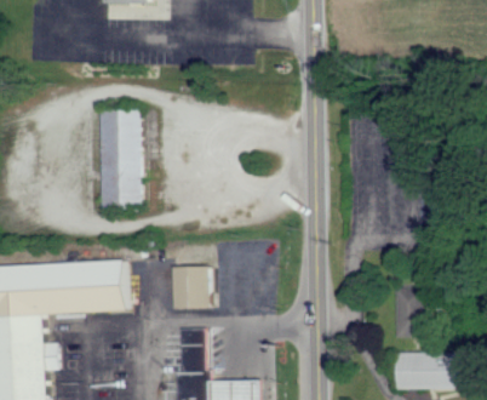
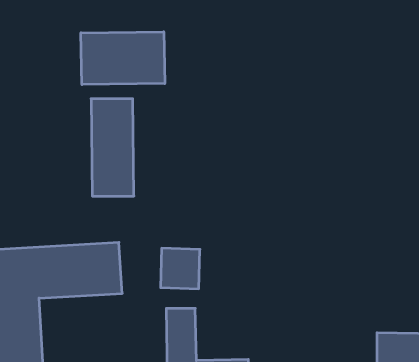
building: none -> [81,32,165,85]
building: [394,288,425,335] -> none

